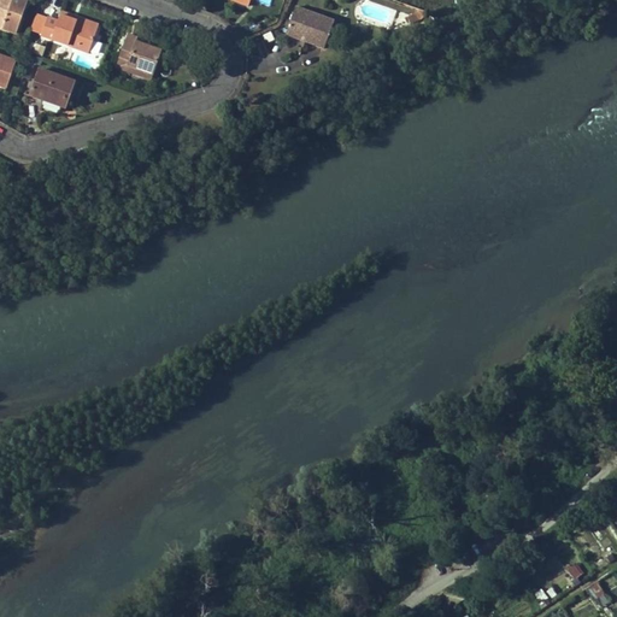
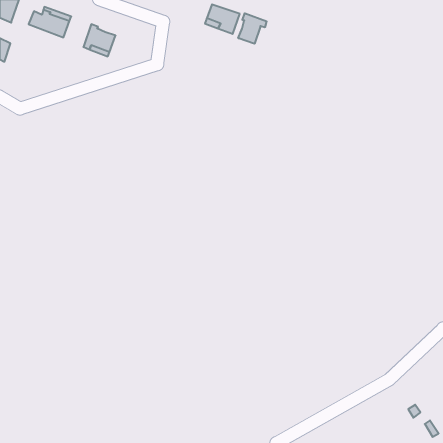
building: none -> [238,13,267,44]
building: [29,67,75,106] -> none

